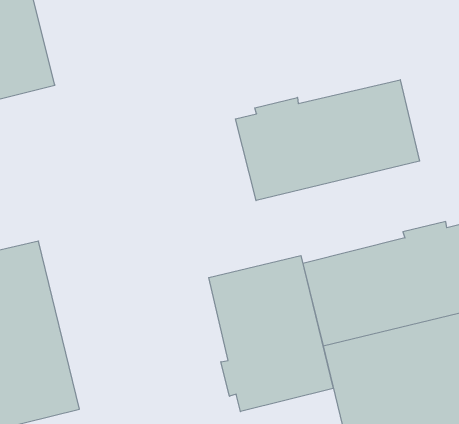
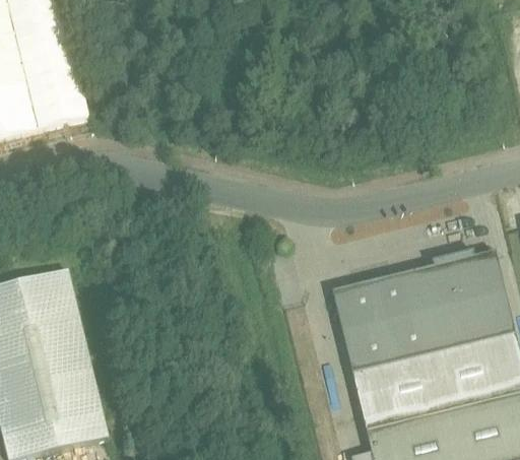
building: [235,80,420,201] -> none
building: [209,256,333,412] -> none

